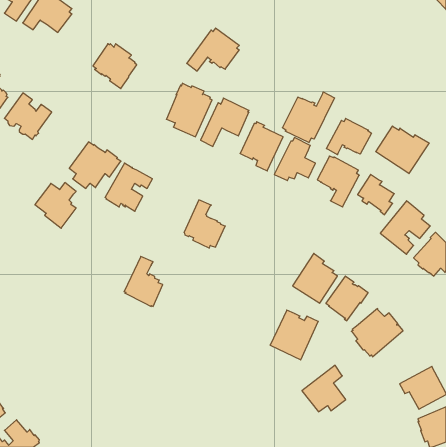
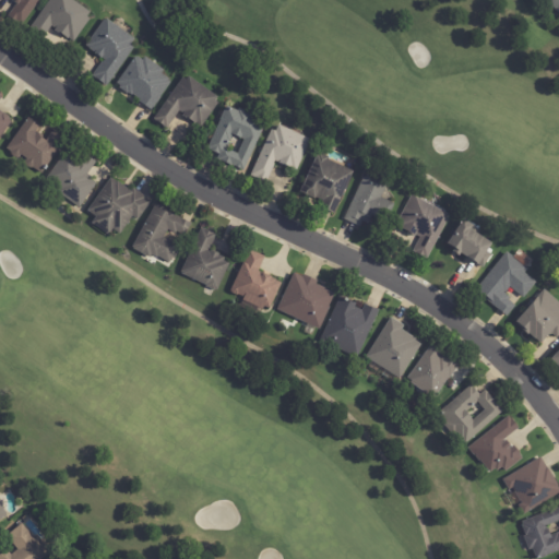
building: none -> [85,17,133,85]
building: [187,28,239,71] -> [153,74,218,128]
building: [282,92,335,143] -> none
building: [326,118,371,155] -> none
building: [376,126,429,174] -> none
building: [35,183,76,228] -> [45,151,96,207]
building: none -> [273,272,333,329]
building: [124,256,163,306] -> [180,227,228,289]
building: [270,310,318,360] -> [319,296,379,358]
building: [302,365,346,412] -> [464,415,519,473]

